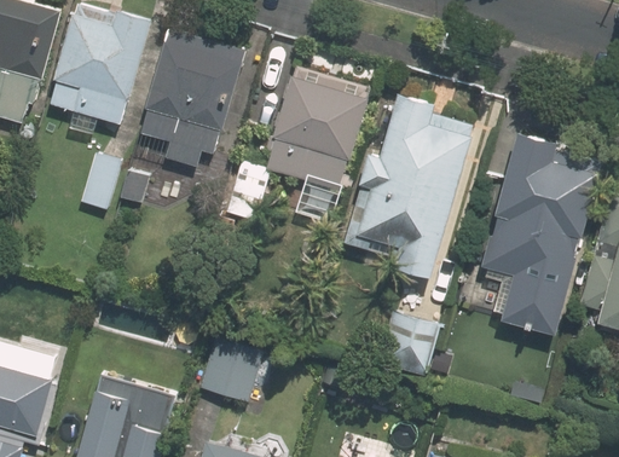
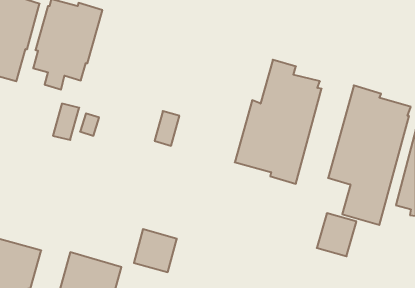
building: [140,28,244,167] -> none
building: [262,66,365,189] -> none
building: [377,311,435,374] -> [317,213,356,256]

